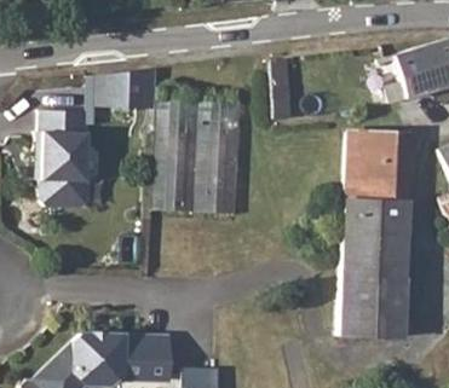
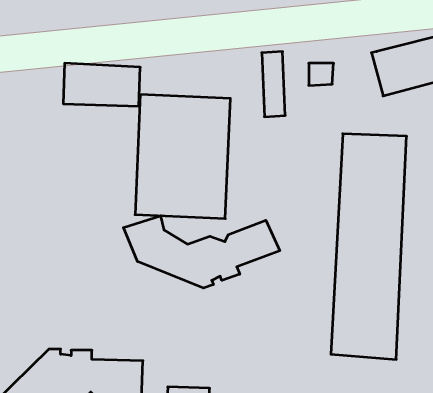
building: [38,111,91,208] -> none
building: none -> [123,216,280,288]

